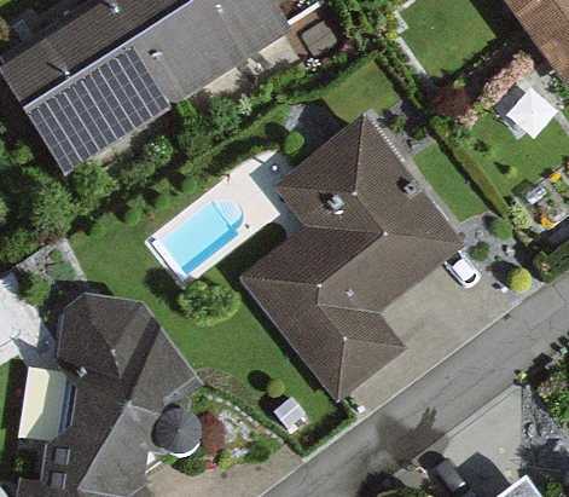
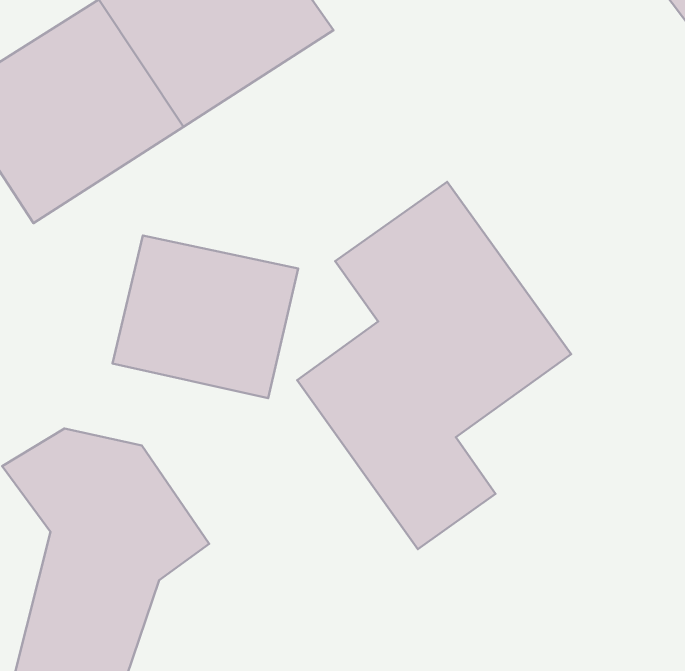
building: none -> [113,235,298,398]

